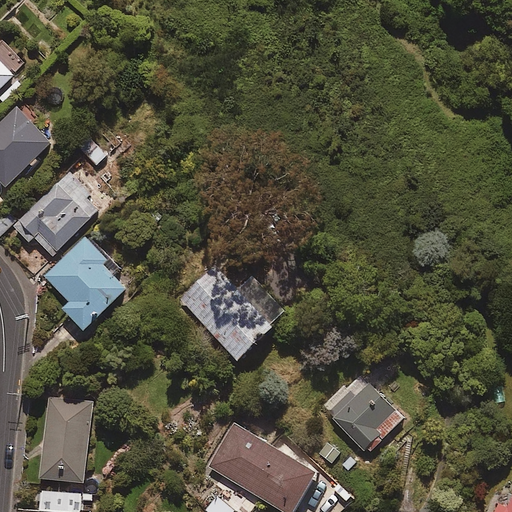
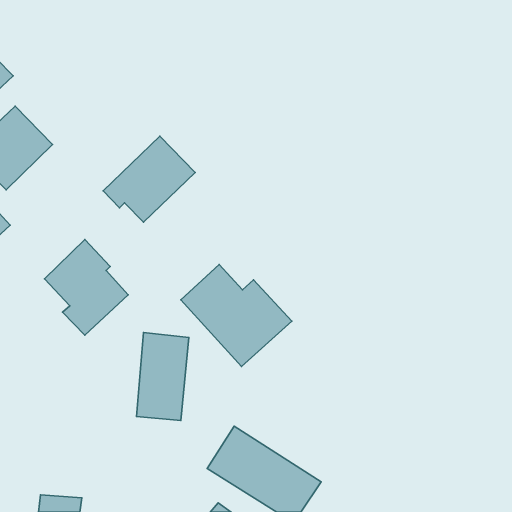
building: [12,171,103,256] -> [103,136,195,222]
building: [320,383,403,453] -> none
building: [40,396,92,483] -> [136,333,189,420]

